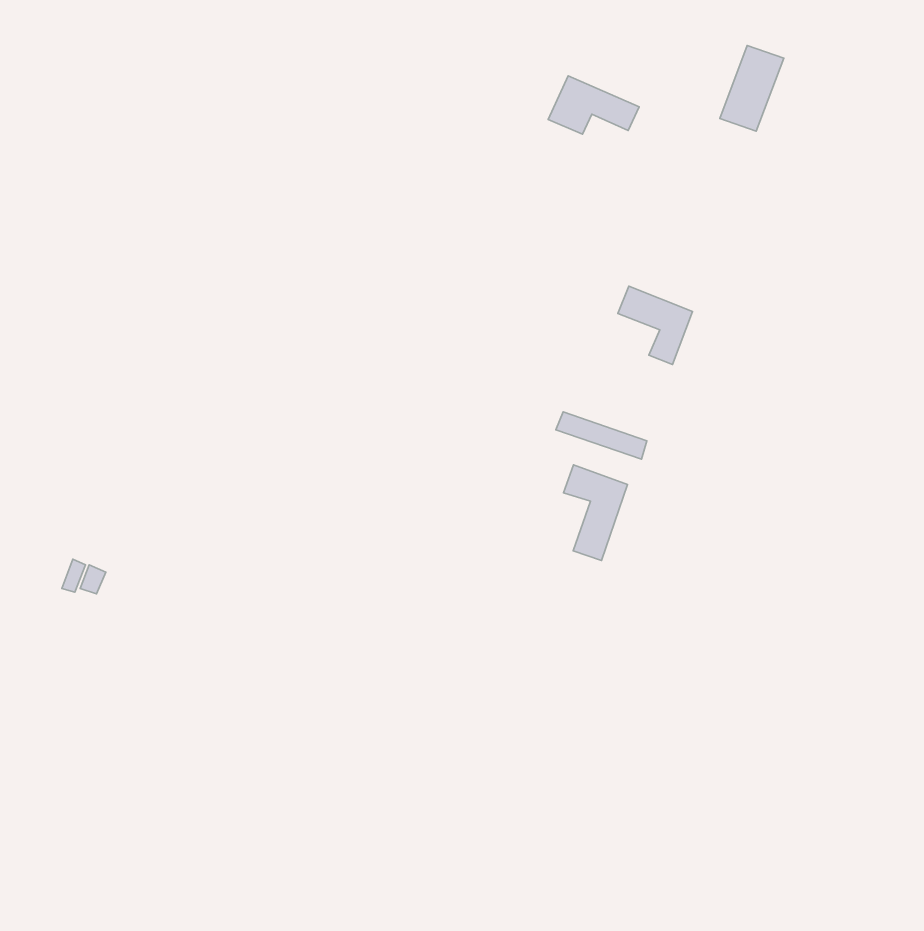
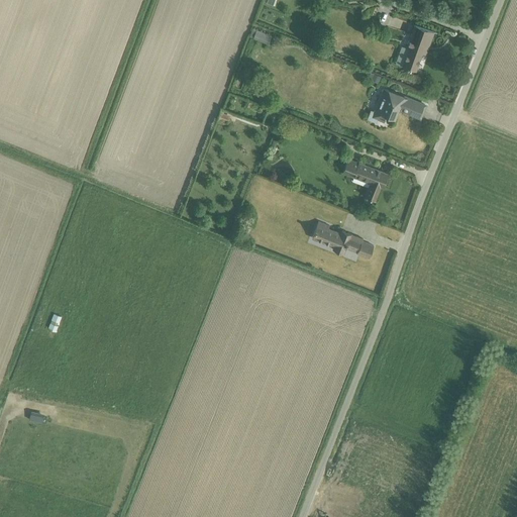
building: [548,76,639,134] -> [374,87,424,119]
building: [564,465,627,561] -> none

